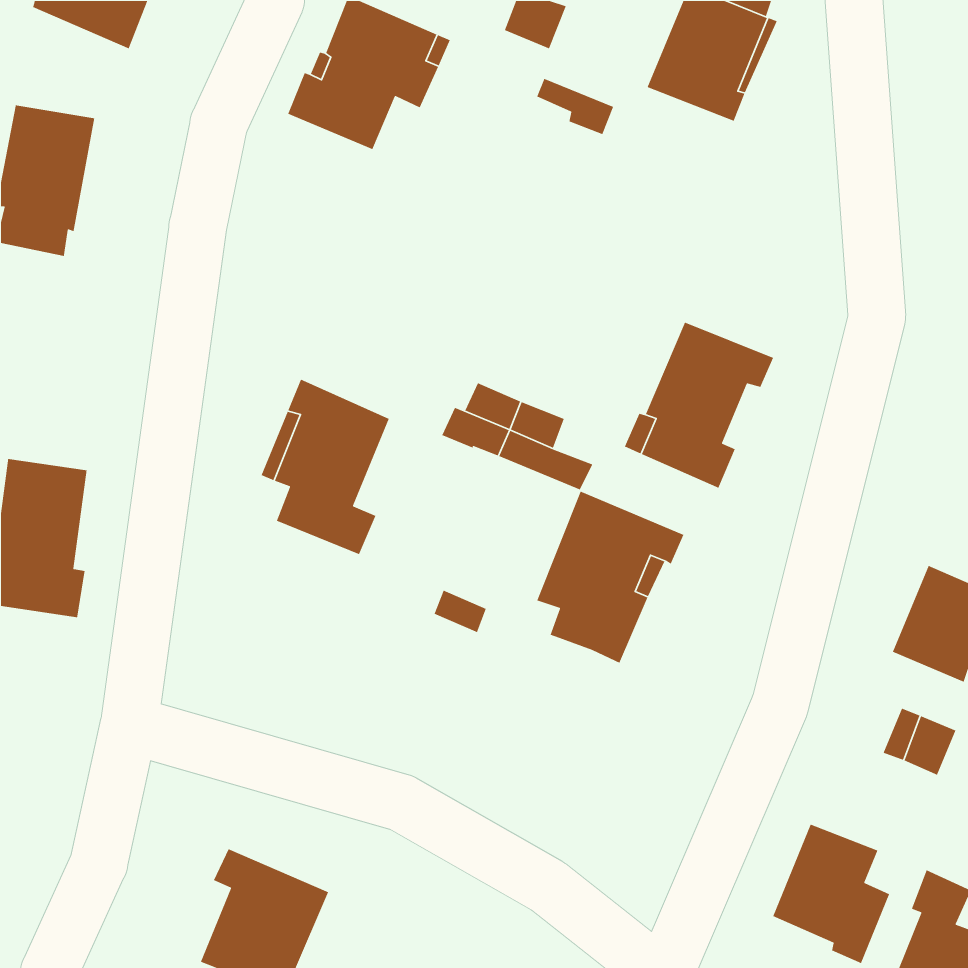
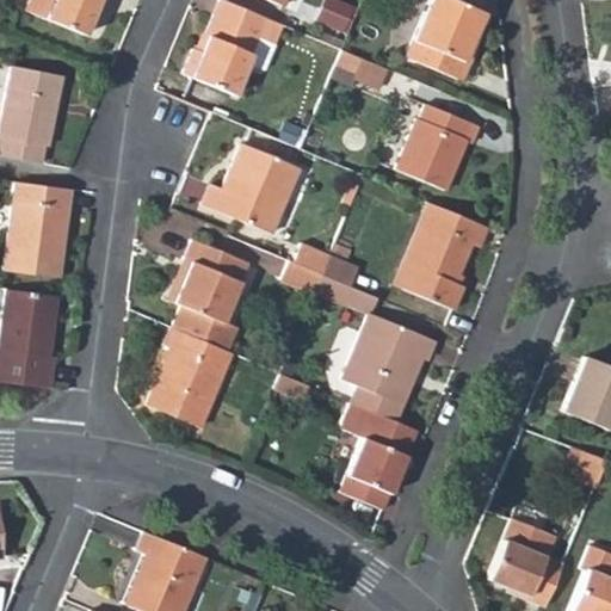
building: none -> [396,104,481,190]
building: none -> [206,143,301,233]
building: none -> [7,184,73,278]
building: none -> [152,329,234,428]
building: none -> [339,402,415,510]

